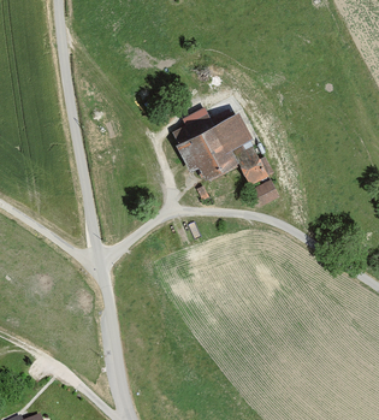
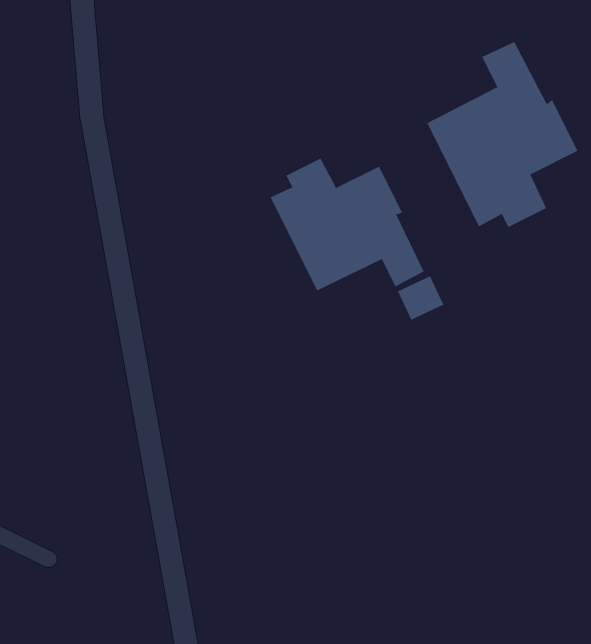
building: none -> [427,41,578,228]

